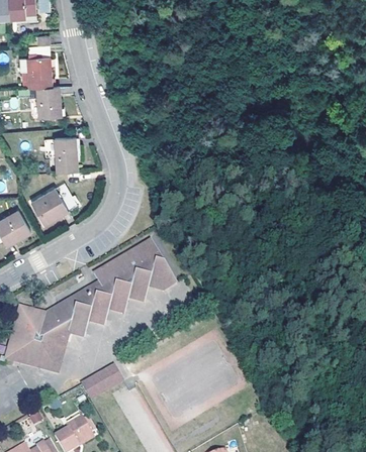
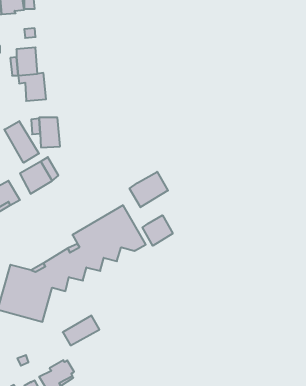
building: none -> [4,121,39,163]
building: none -> [130,172,168,207]
building: none -> [142,215,173,246]

